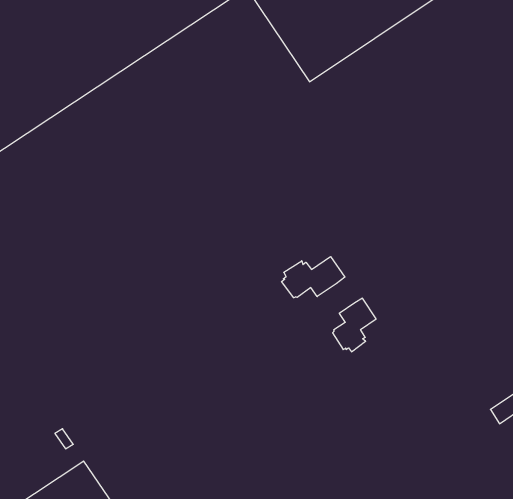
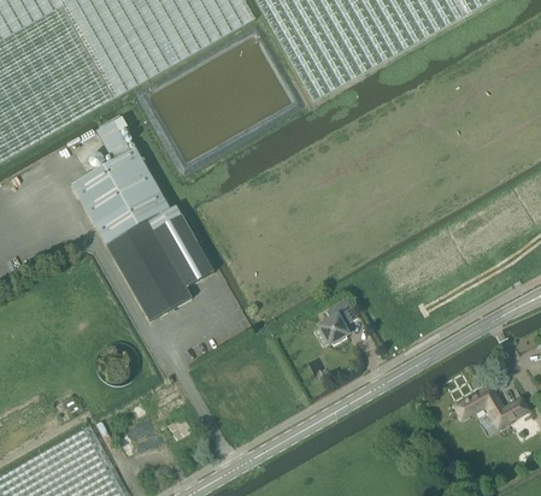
building: none -> [71,114,213,319]
building: [282,257,345,298] -> none

